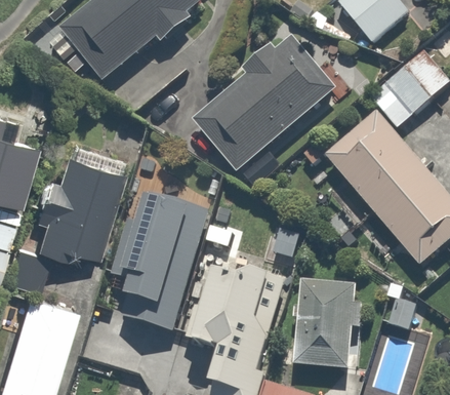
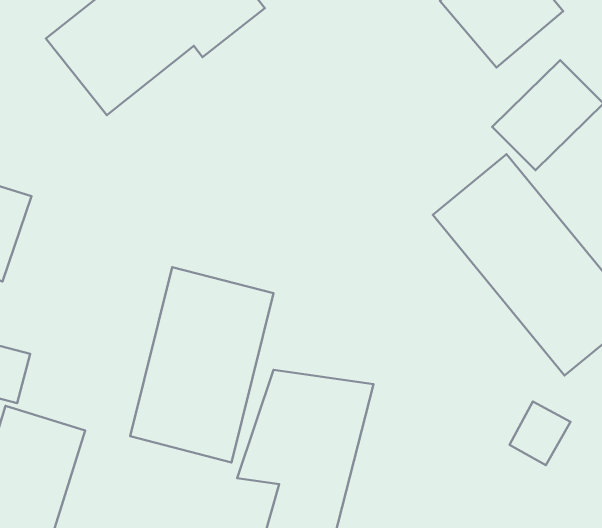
building: [188,32,335,170] -> none
building: [33,139,134,266] -> none
building: [293,282,360,366] -> none

